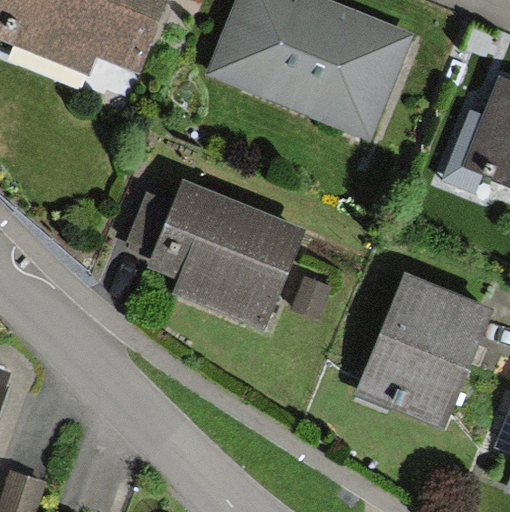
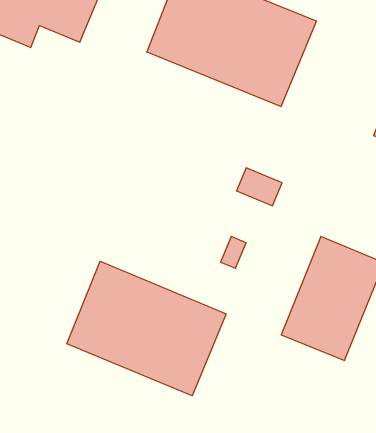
building: [132,188,299,324] -> none
building: none -> [67,261,226,396]

